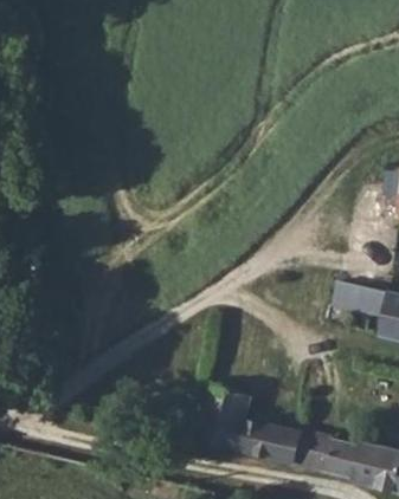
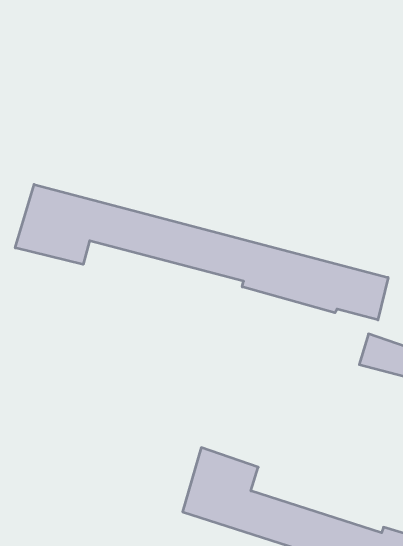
building: none -> [15,184,388,320]

